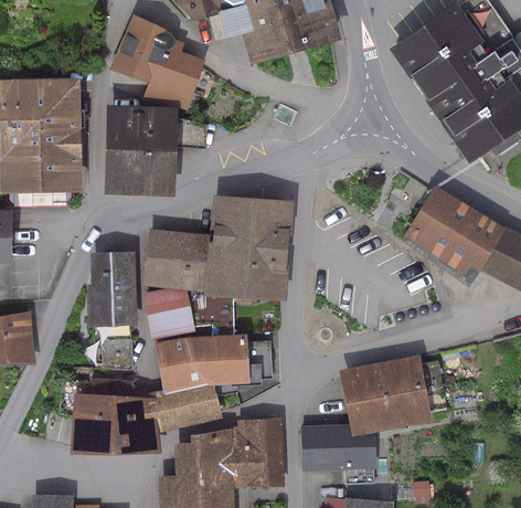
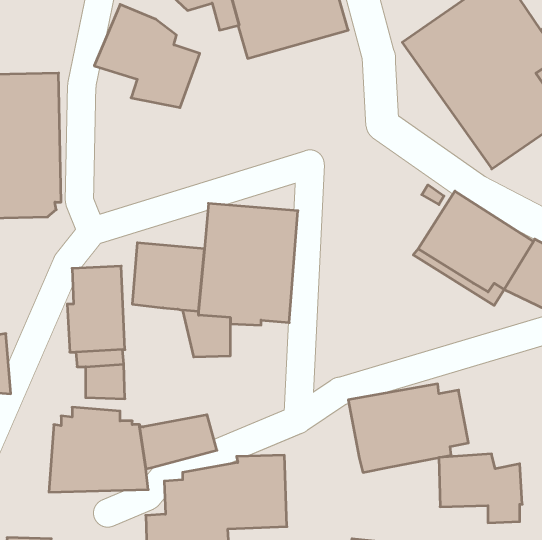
building: [103,104,177,195] -> none
building: [143,287,195,339] -> none
building: [155,335,248,390] -> none
building: [301,422,376,484] -> [439,454,522,523]

